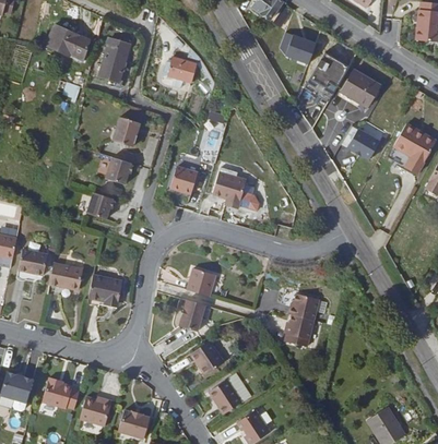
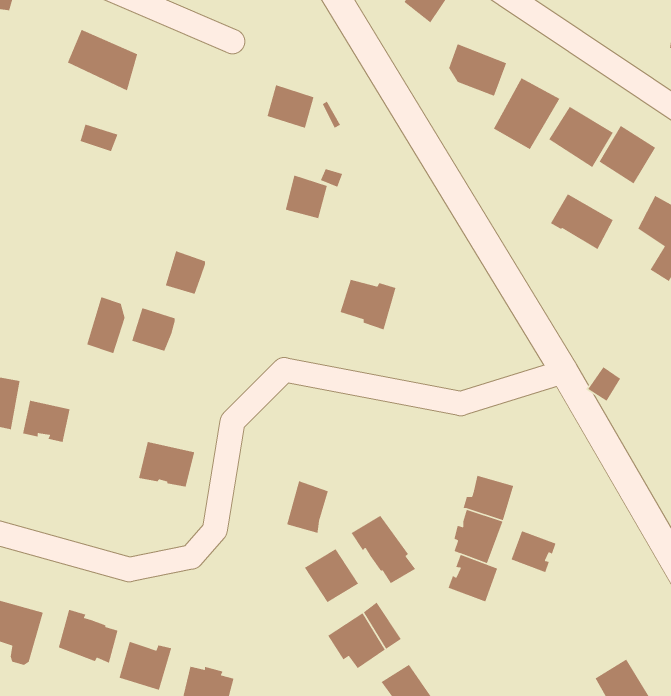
building: [99,36,129,79] -> none
building: none -> [598,125,656,185]
building: [111,116,140,147] -> none
building: [171,167,198,194] -> [285,175,328,219]
building: none -> [86,296,125,354]
building: [50,263,83,290] -> none
building: [187,266,216,295] -> none
building: none -> [351,515,416,584]
building: none -> [511,530,557,573]
building: none -> [448,554,498,602]

